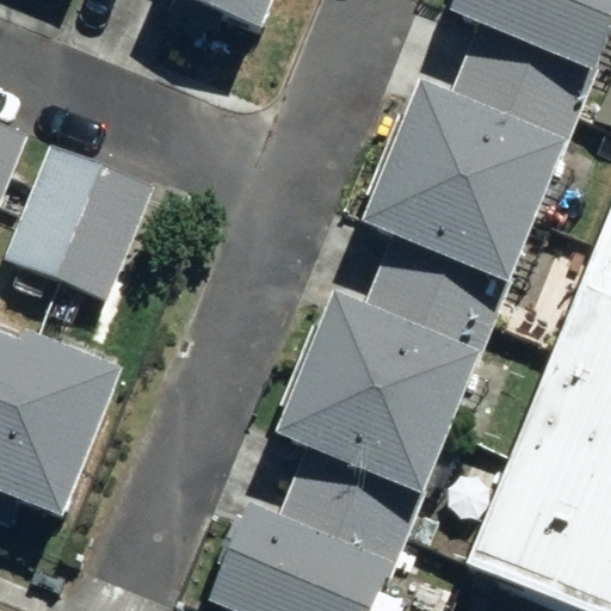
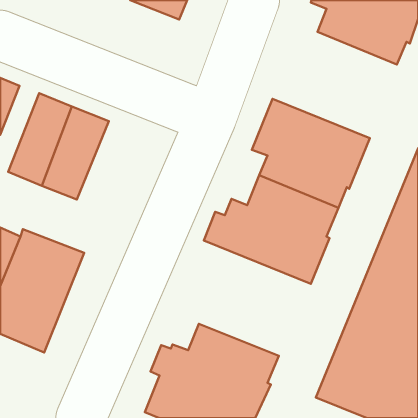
building: [397,47,579,202] -> none
building: [282,351,453,519] -> none

